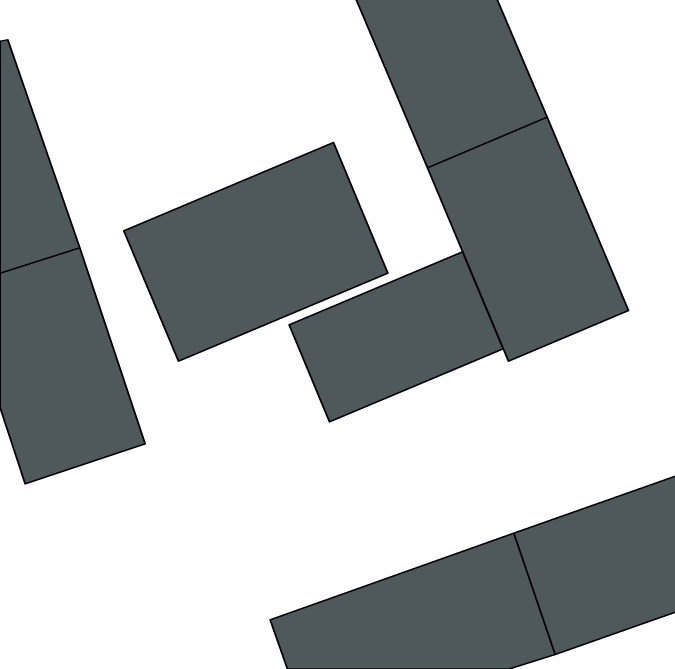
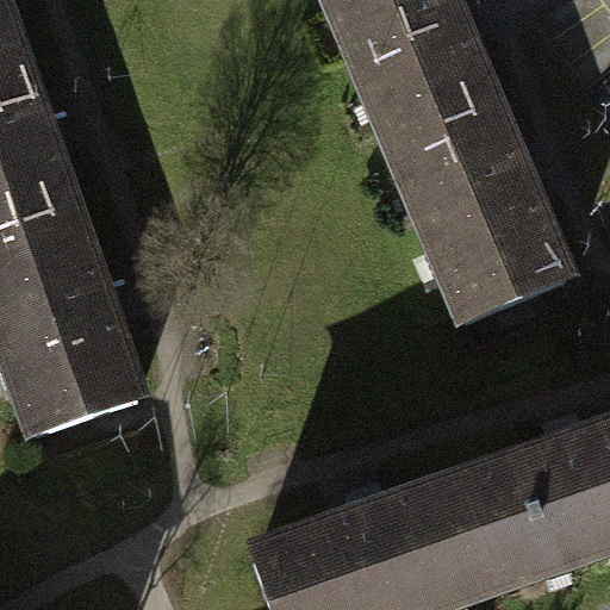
building: [124,142,388,361] -> none
building: [289,252,503,422] -> none

